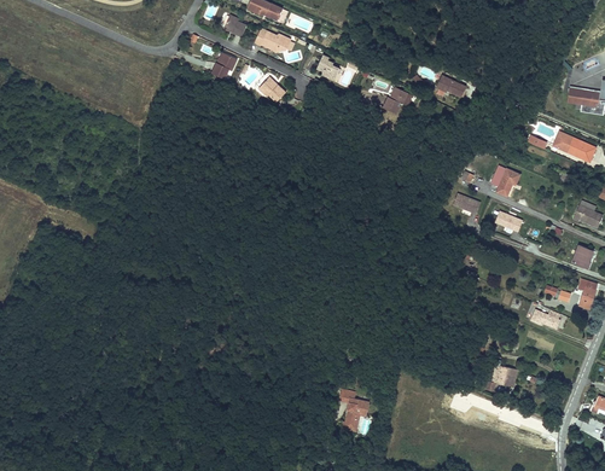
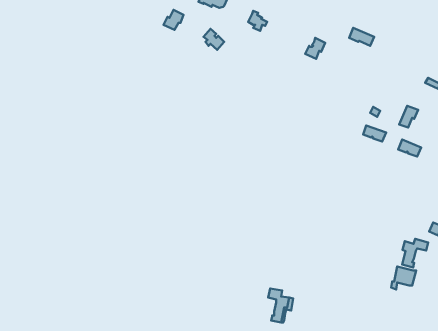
building: none -> [402,239,428,267]

